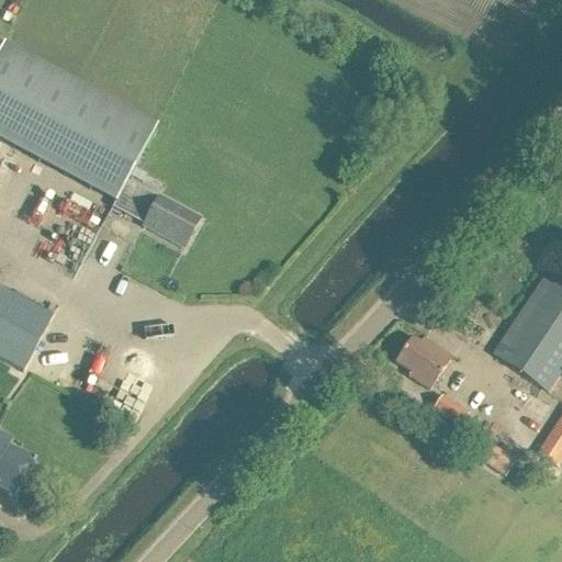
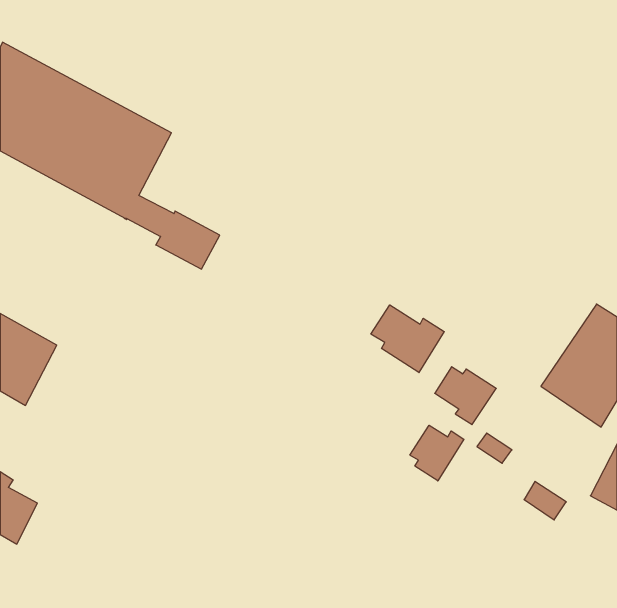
building: none -> [371,305,444,373]
building: none -> [410,425,464,481]

